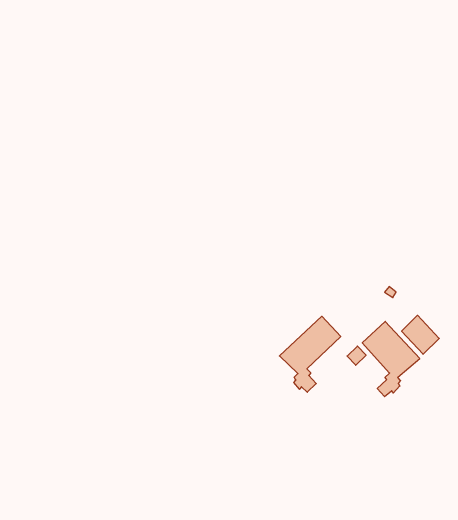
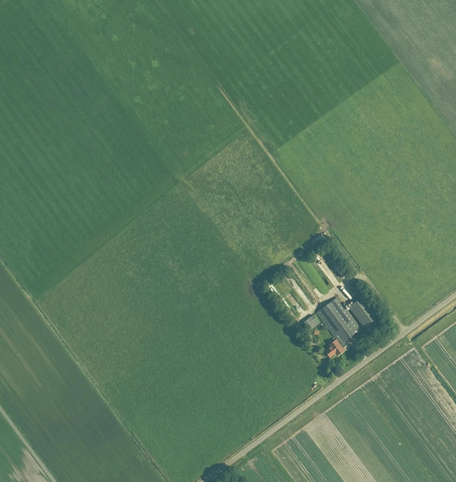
building: [279,316,341,392] -> none

